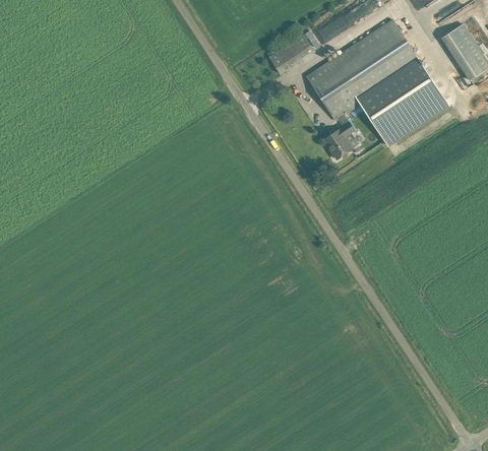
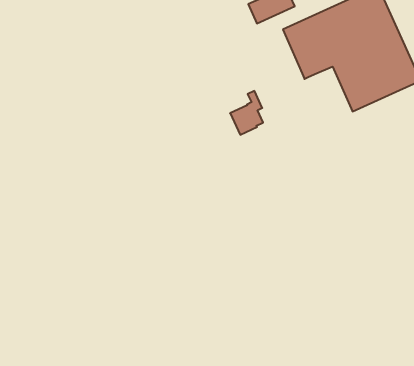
building: [323,115,357,159] -> [230,91,263,135]

